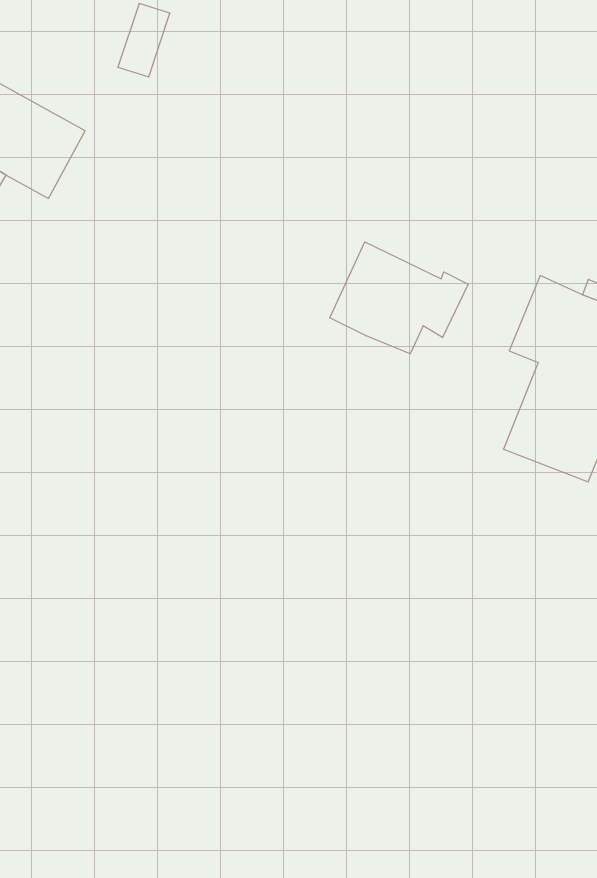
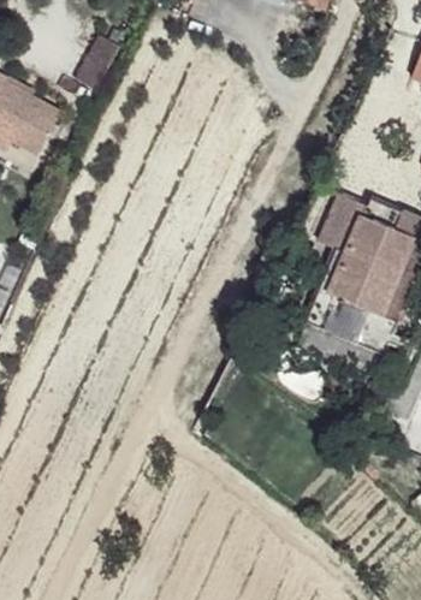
building: [330,242,468,354] -> none

